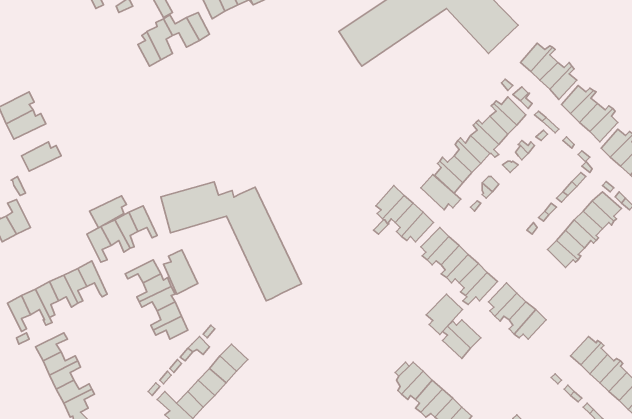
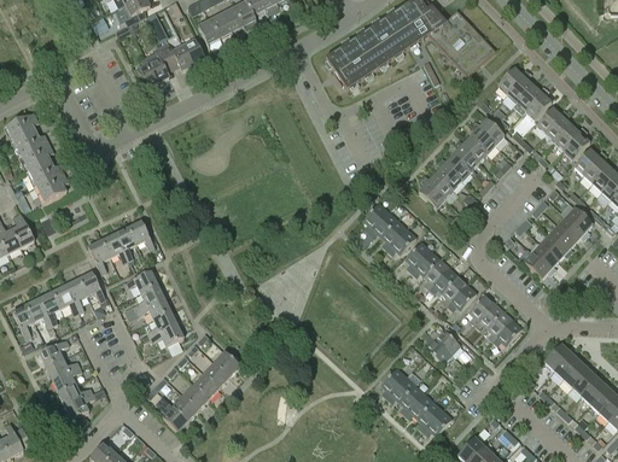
building: none -> [19,144,54,174]
building: [421,175,461,210] -> none
building: [161,182,301,301] -> none
building: [89,196,127,228] -> [34,174,69,204]
building: [163,250,198,294] -> none
building: [426,294,462,334] -> none

